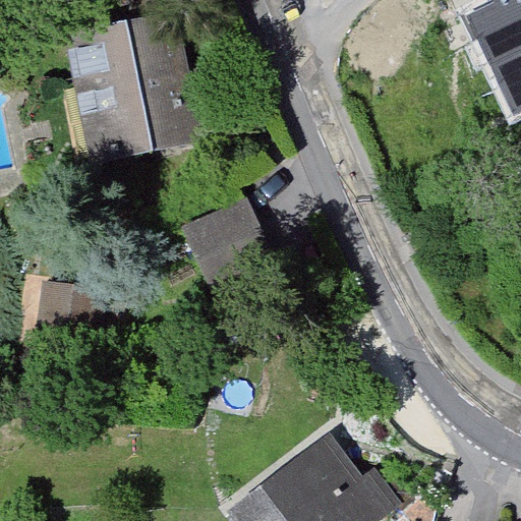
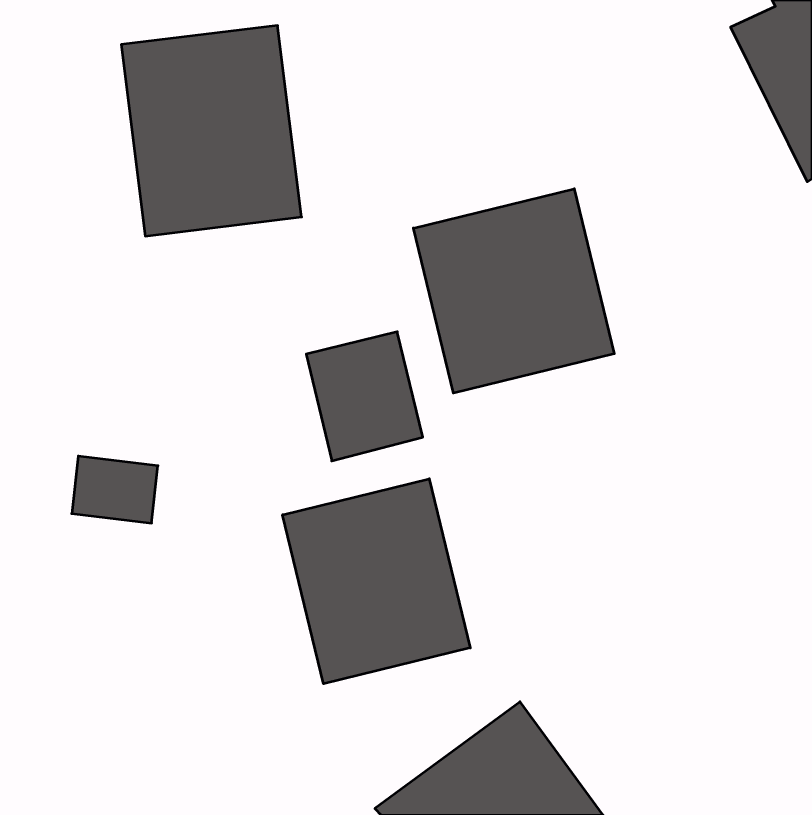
building: none -> [413,189,614,393]
building: none -> [283,479,470,684]

